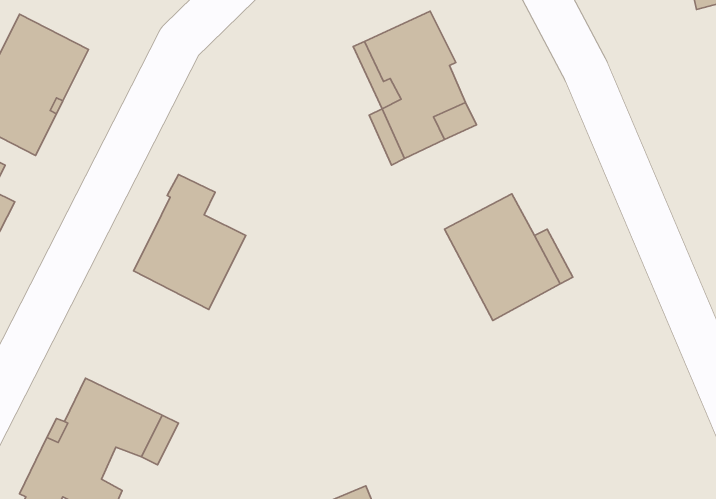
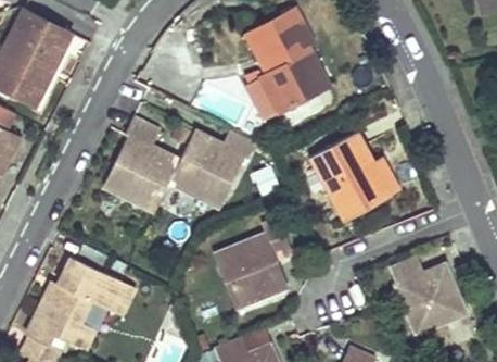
building: none -> [168,130,256,207]
building: none -> [214,216,289,307]
building: none -> [392,257,464,330]

